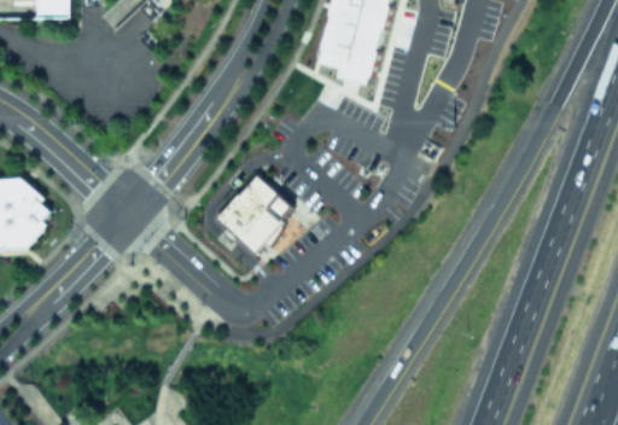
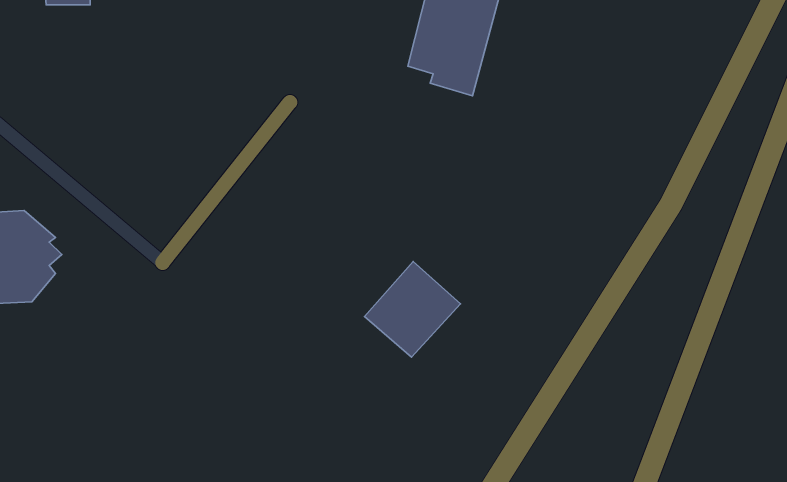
building: [218,175,292,249] -> [364,261,460,357]

